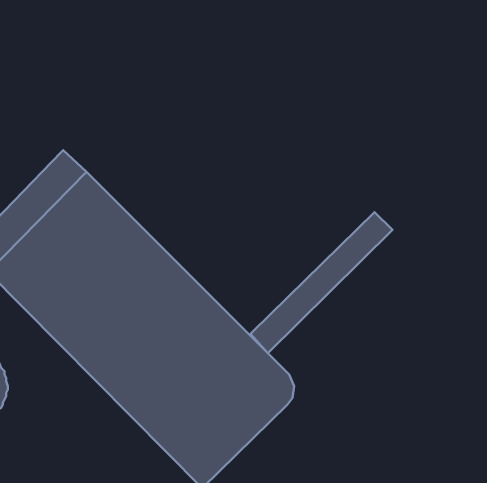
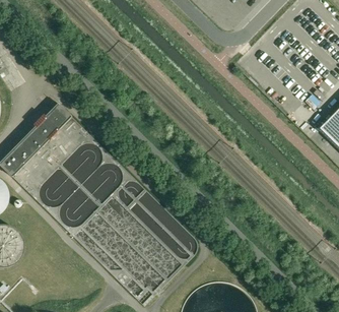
building: [250,212,392,353] -> none

